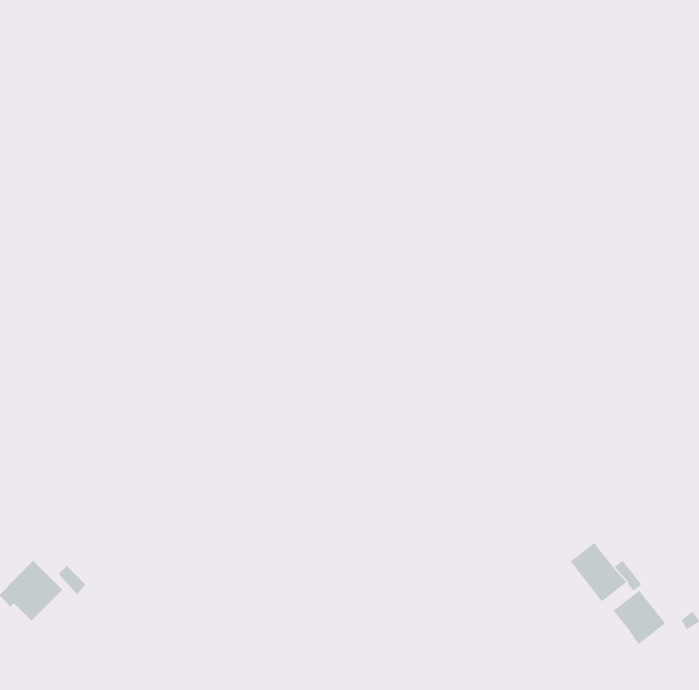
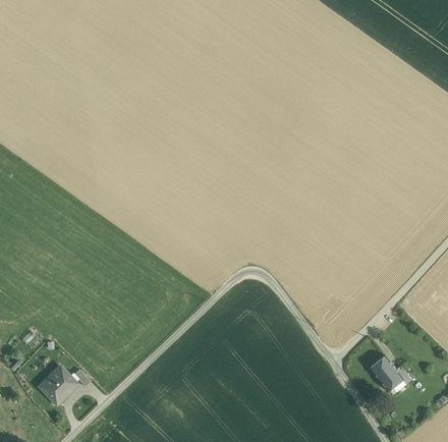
building: [613,590,666,646] -> none

